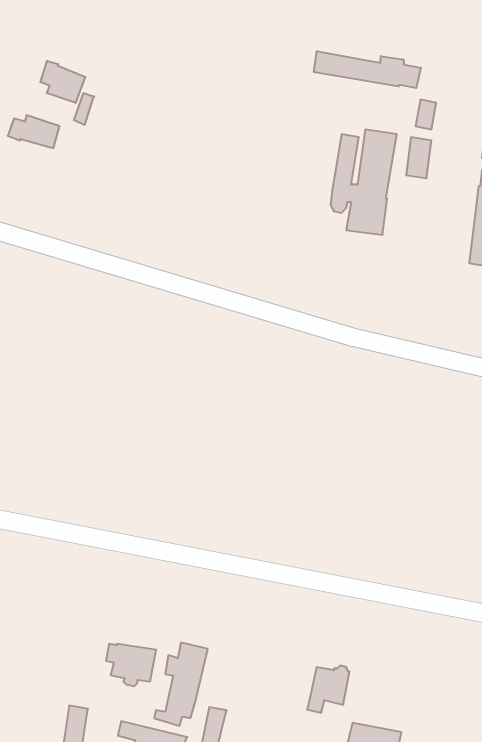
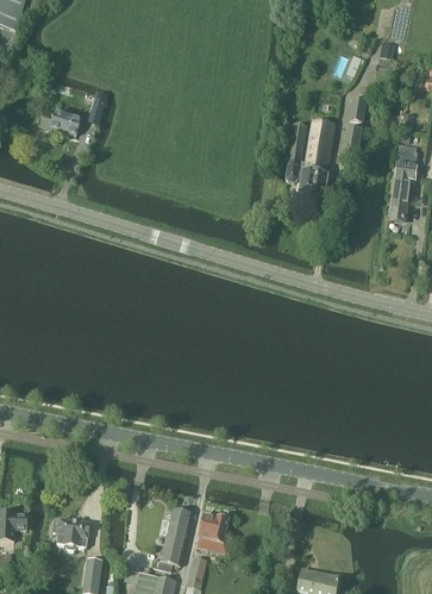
building: [314,51,421,88] -> none
building: [40,61,85,103] -> none
building: [106,644,156,686] -> [52,518,90,550]
building: [307,665,350,713] -> [196,513,228,549]

